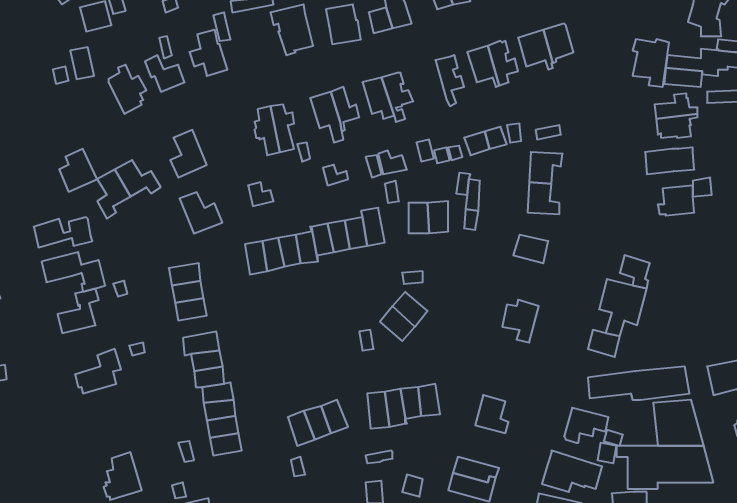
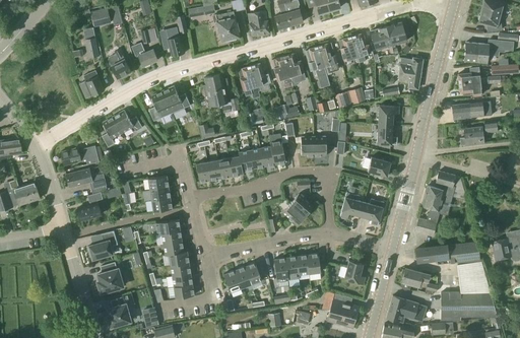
building: [633,39,669,87] -> [398,58,421,88]
building: none -> [305,46,329,87]
building: [59,149,97,192] -> [79,71,104,98]
building: [179,192,222,233] -> [162,86,190,113]
building: none -> [340,193,364,218]
building: none -> [98,262,123,292]

